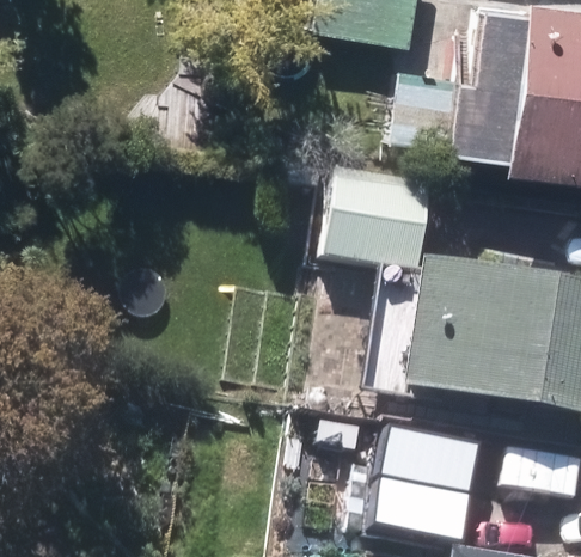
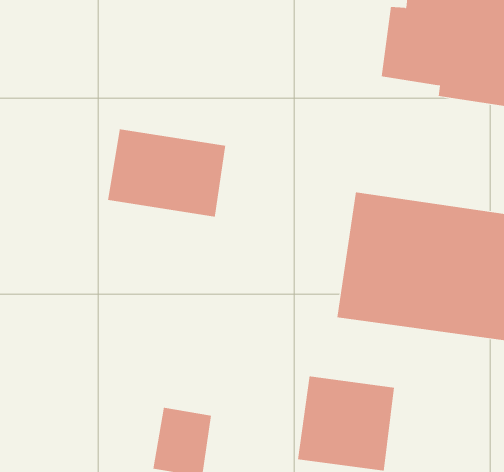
building: [320,169,433,270] -> none
building: none -> [107,129,226,218]

